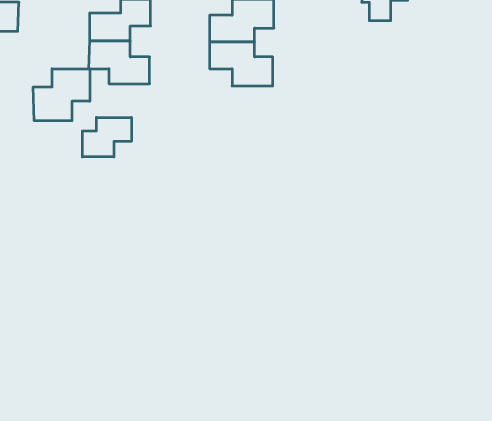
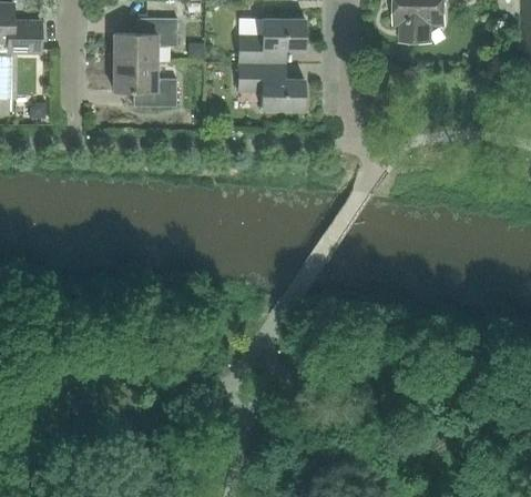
building: [33,69,90,121] -> none
building: [82,117,131,157] -> none

